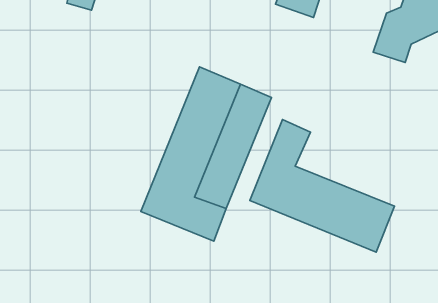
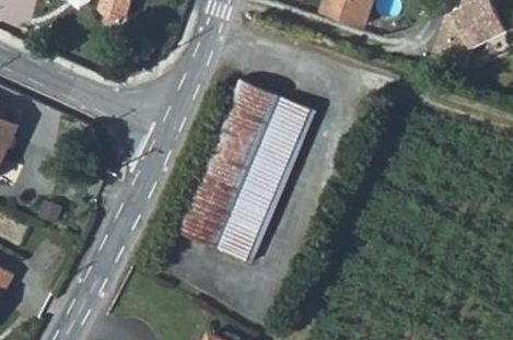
building: [250,120,394,252] -> none

